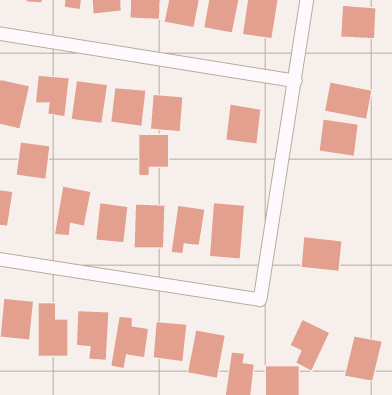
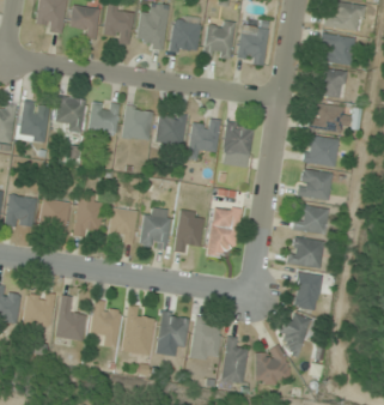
building: none -> [315,68,347,98]
building: [139,134,169,175] -> [191,121,218,157]
building: [16,142,50,179] -> [41,200,71,232]
building: none -> [298,169,333,201]
building: none -> [293,205,328,235]
building: [344,336,383,381] -> [291,272,324,312]

